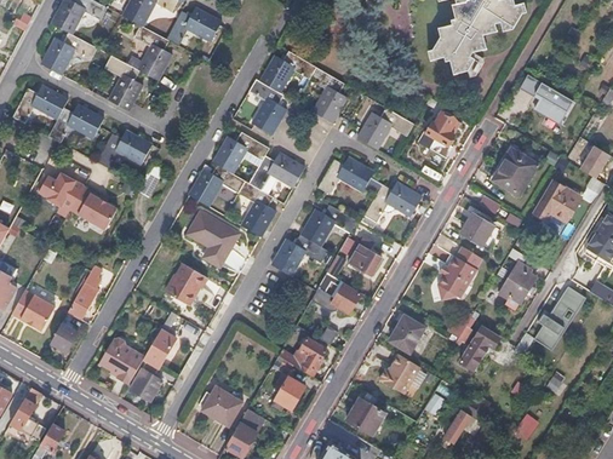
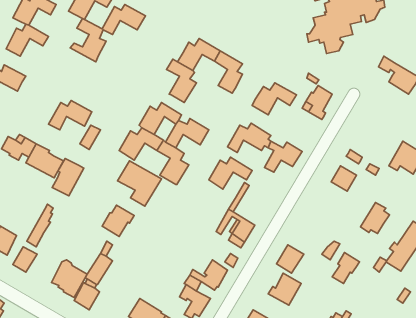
building: [104,56,142,110] -> none
building: [50,104,103,142] -> none
building: [492,149,538,196] -> none
building: none -> [52,159,84,196]
building: [270,233,328,274] -> none
building: [350,235,383,274] -> none
building: [437,247,483,300] -> none

